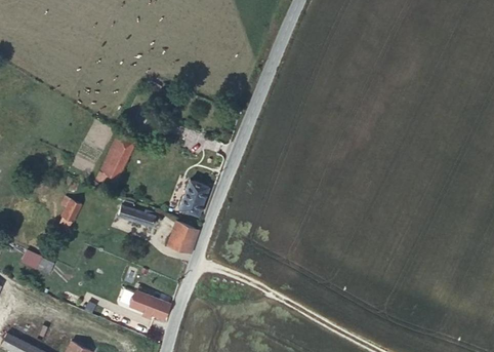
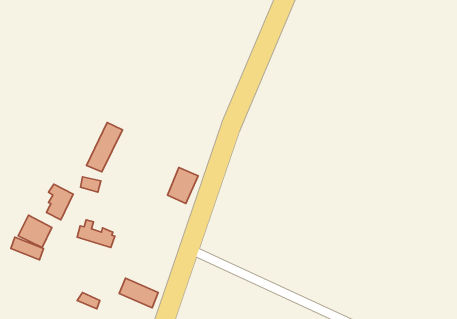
building: [118,200,156,228] -> [77,220,115,247]
building: [167,224,199,256] -> none
building: none -> [18,215,52,247]

